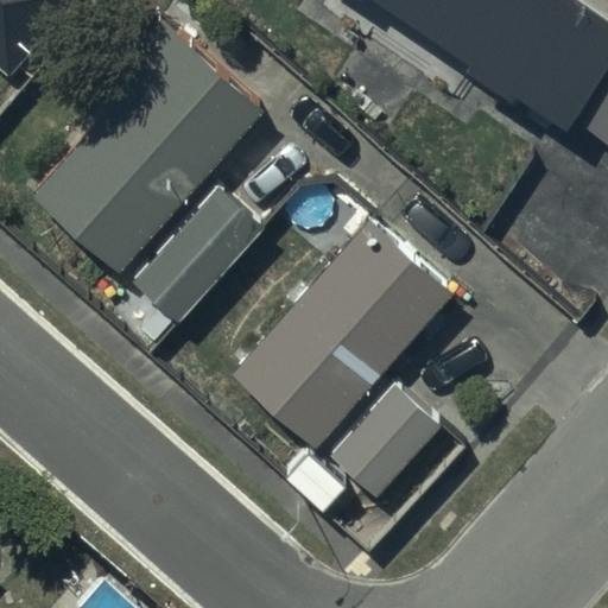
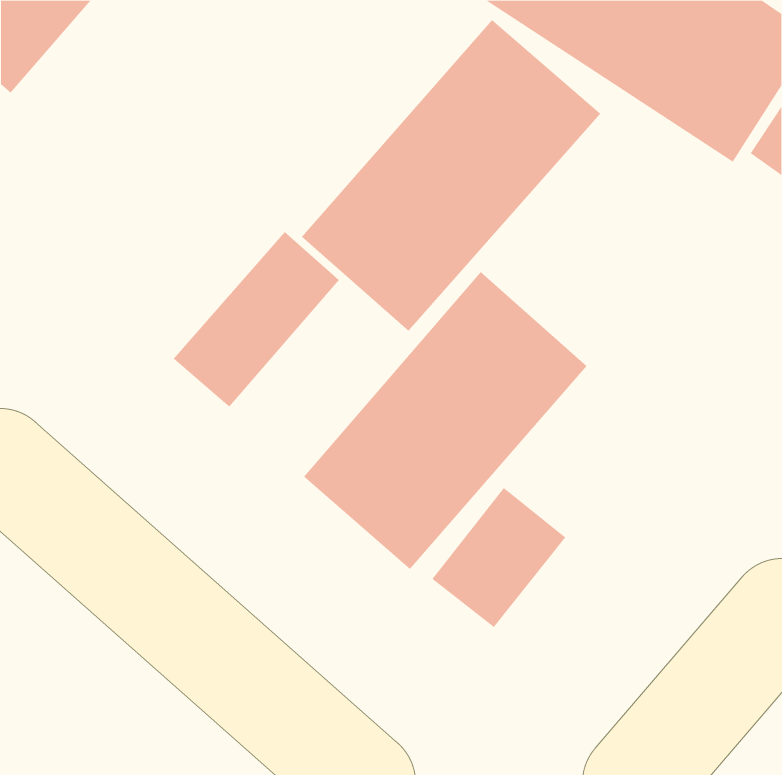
building: none -> [301,19,601,332]
building: [31,23,259,273] -> none

